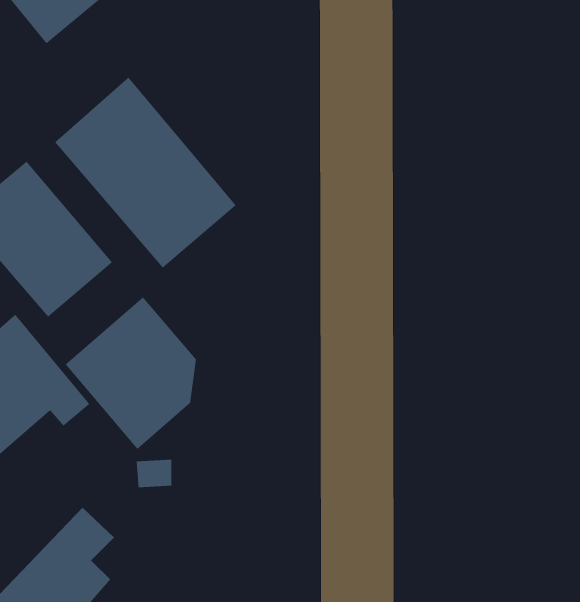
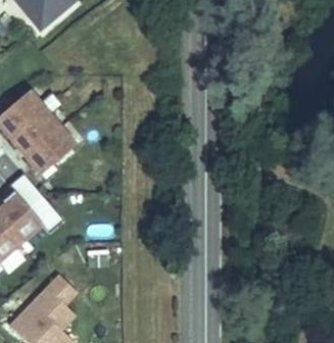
building: [54,77,236,269] -> none
building: [65,296,196,450] -> none

